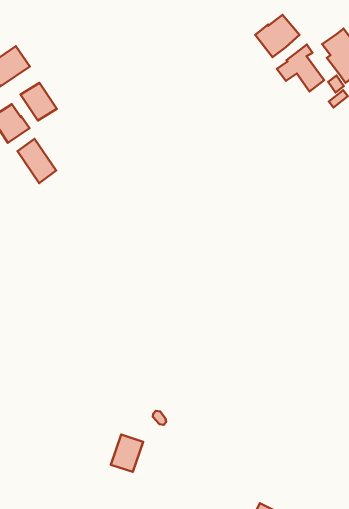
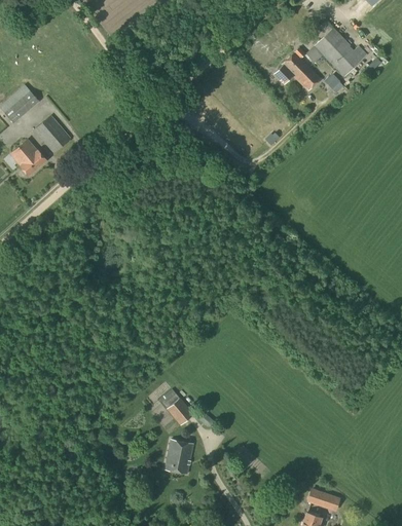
building: [255,15,299,57] -> none
building: [18,139,56,183] -> none
building: none -> [159,389,192,424]

